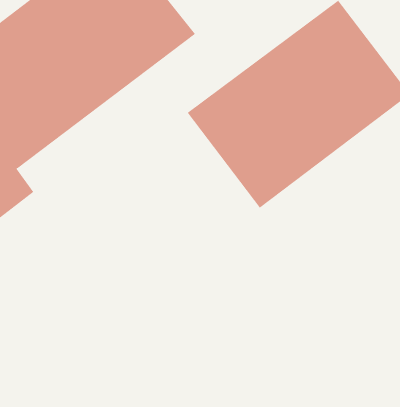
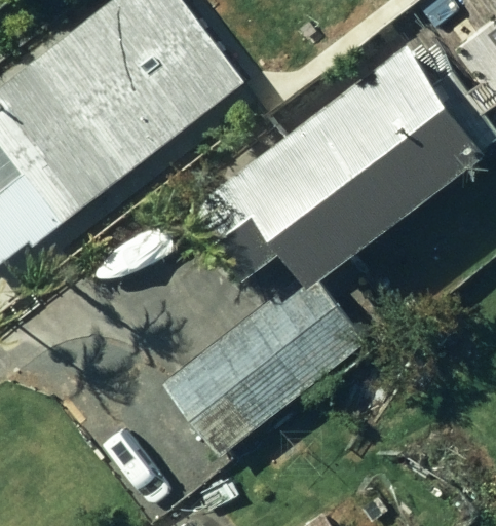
building: none -> [157,271,361,458]

